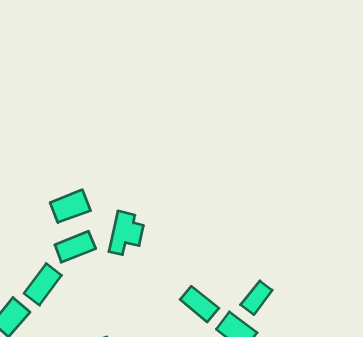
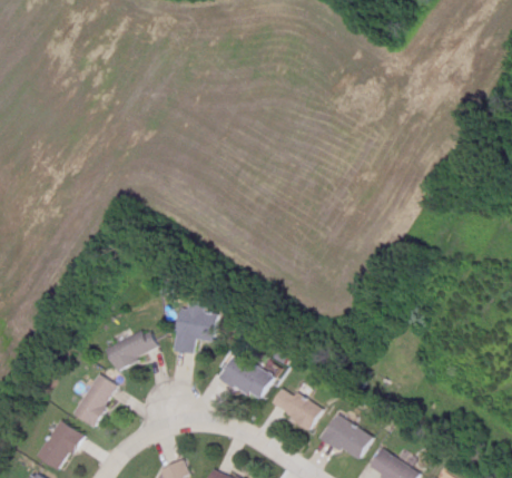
building: [50,190,91,223] -> none
building: none -> [218,353,273,400]
building: [240,281,272,315] -> none

